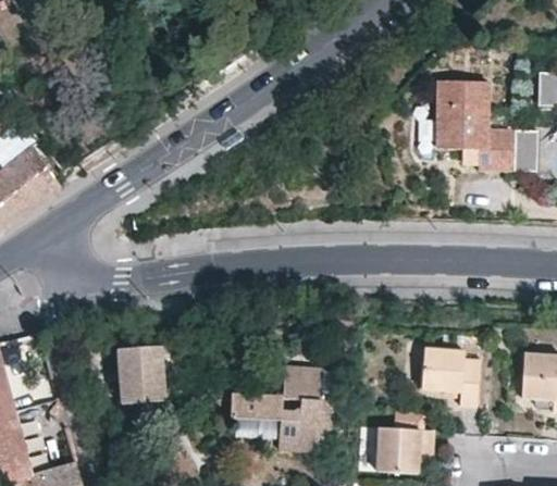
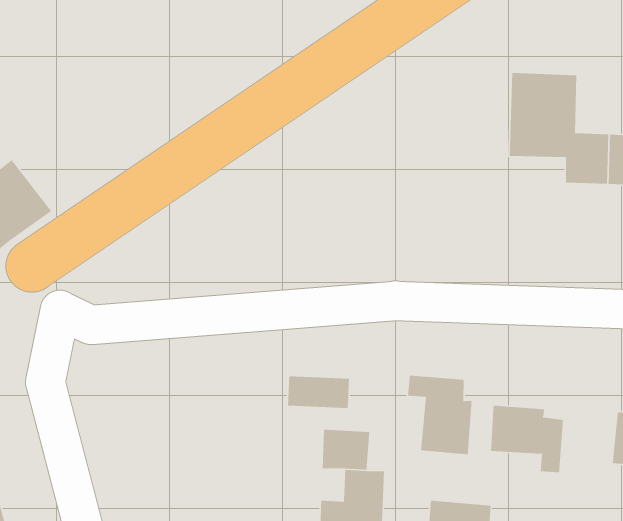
building: none -> [407,375,472,455]
building: [119,349,163,407] -> none
building: [231,397,282,424] -> [287,375,350,409]

